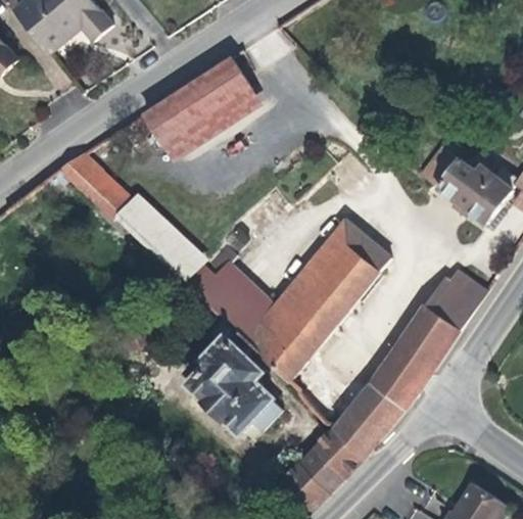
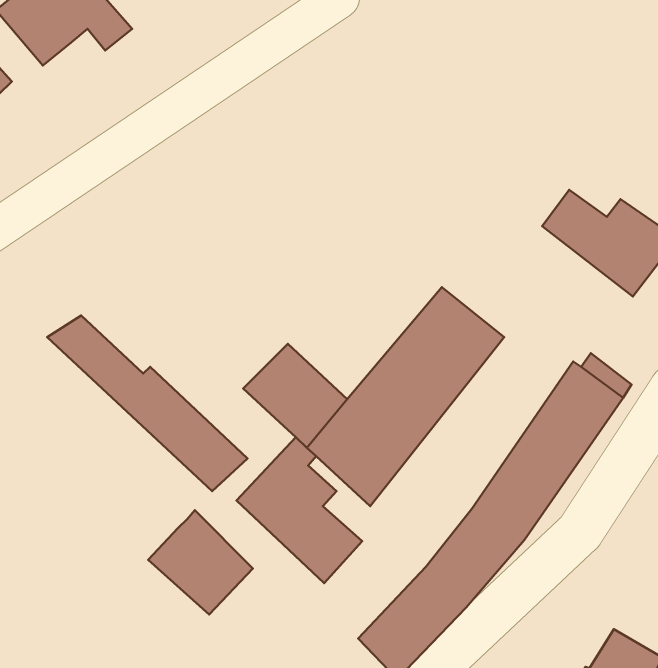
building: [143,57,260,161] -> none
building: [59,153,210,286] -> [47,315,247,491]
building: none -> [148,510,253,615]

